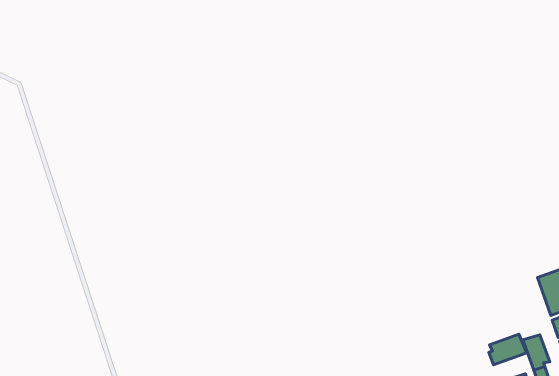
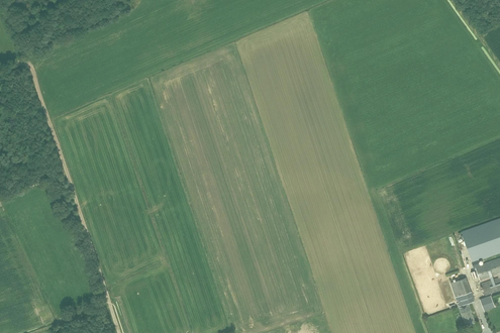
building: [489,334,527,365] -> none

